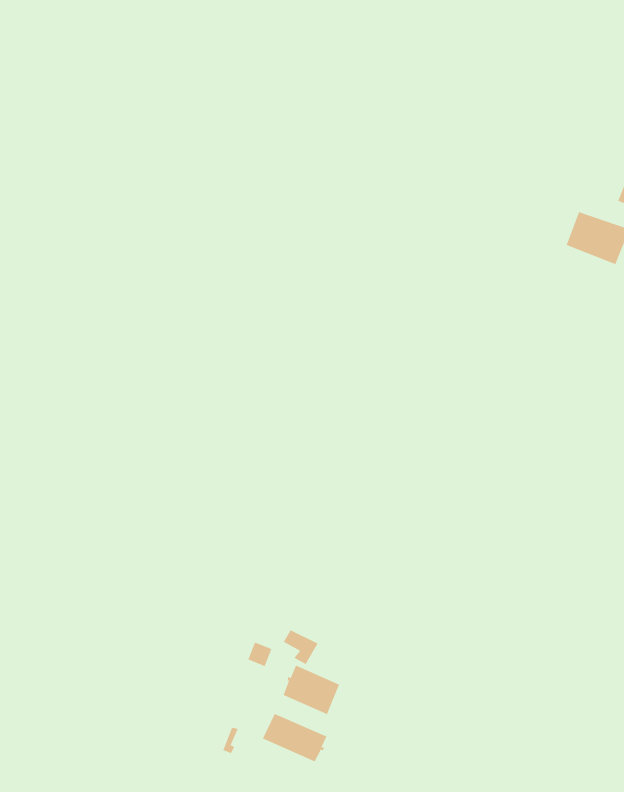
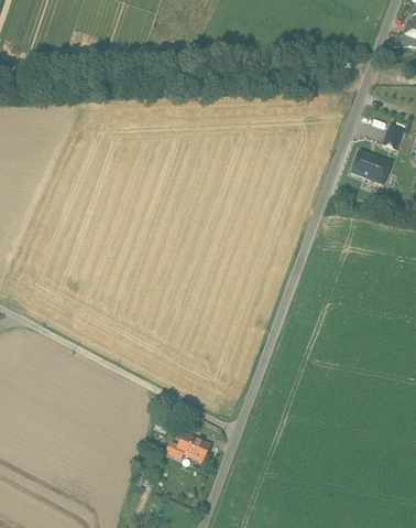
building: [262,713,327,762] -> none

